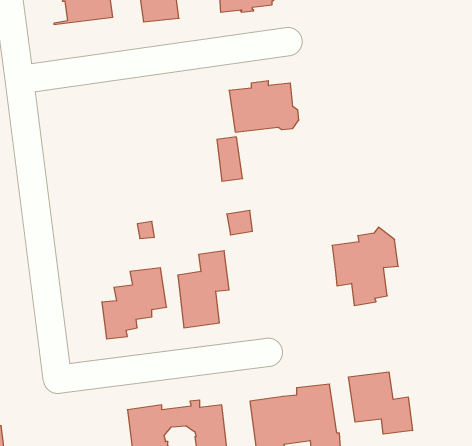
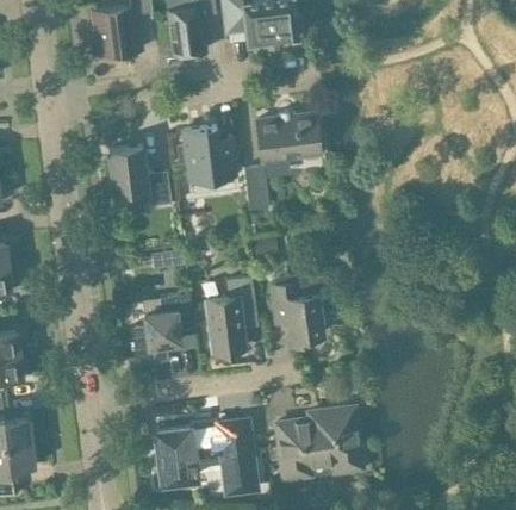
building: none -> [181,126,235,181]
building: none -> [107,147,170,206]
building: [332,227,398,305] -> [269,267,334,343]
building: [349,372,413,434] -> none

